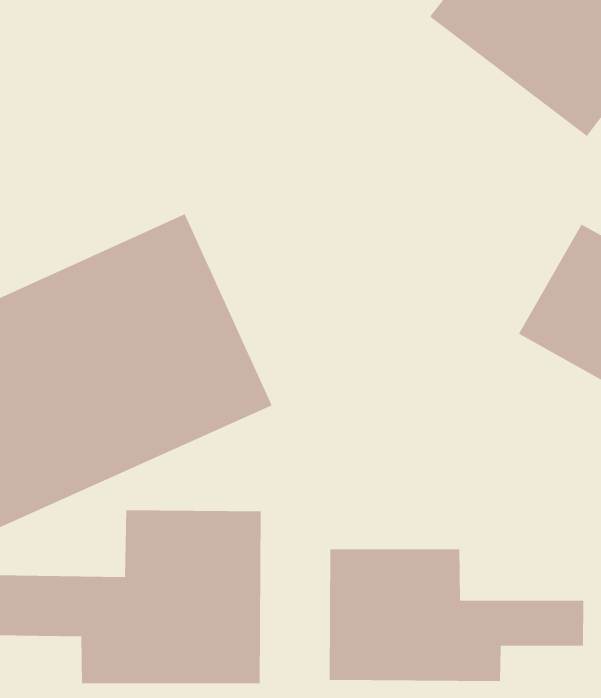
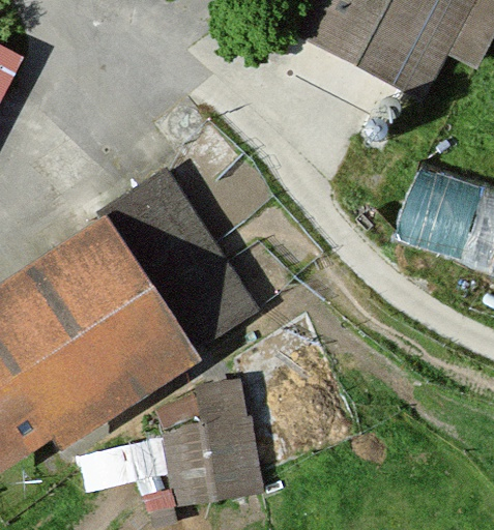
building: [329,548,584,682] -> none

